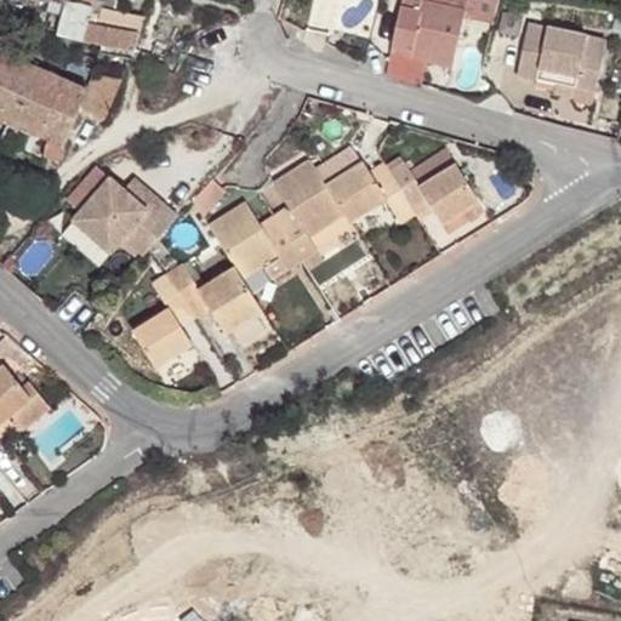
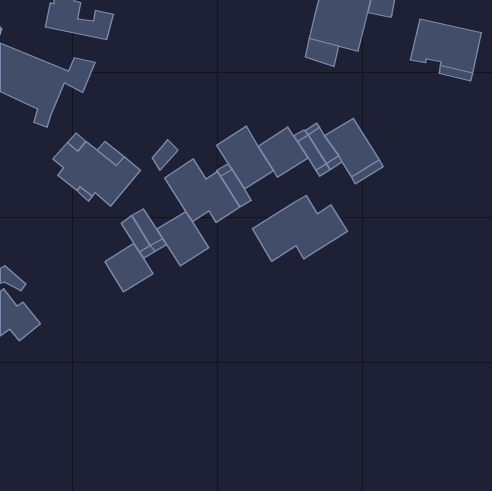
building: none -> [252,196,347,261]

